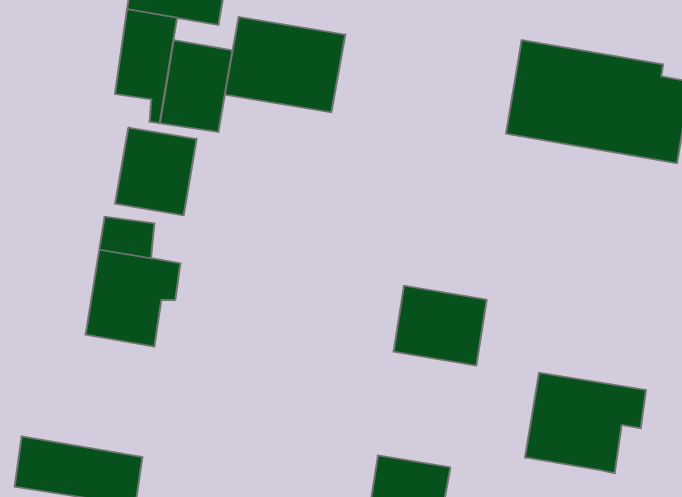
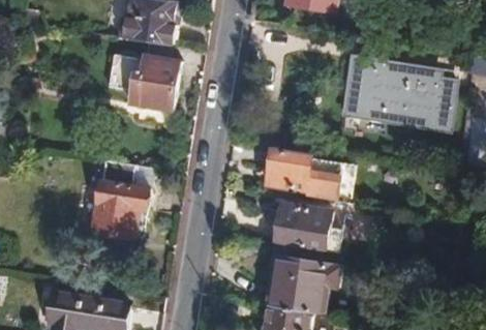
building: [225,17,345,112] -> none
building: [115,127,197,215] -> none
building: none -> [266,151,341,201]
building: [525,373,646,473] -> [267,253,339,313]

